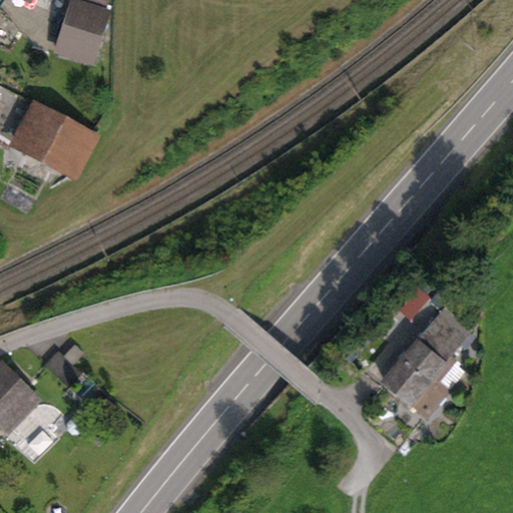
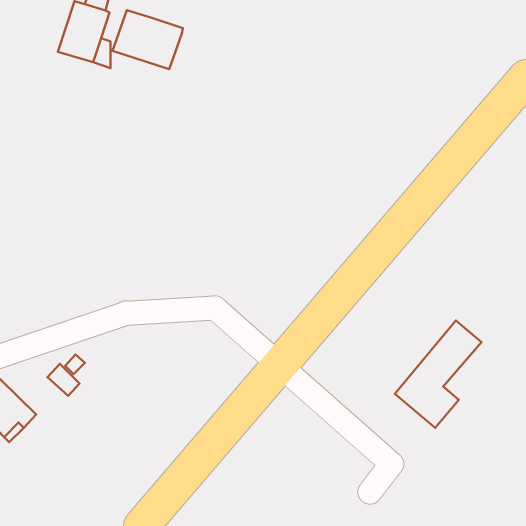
building: none -> [112,10,183,69]
building: [15,105,92,173] -> none

